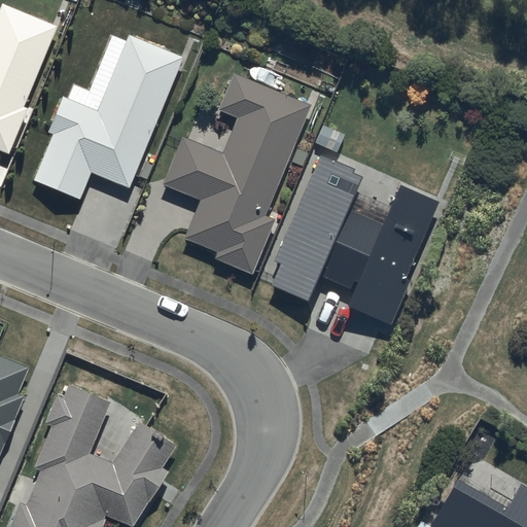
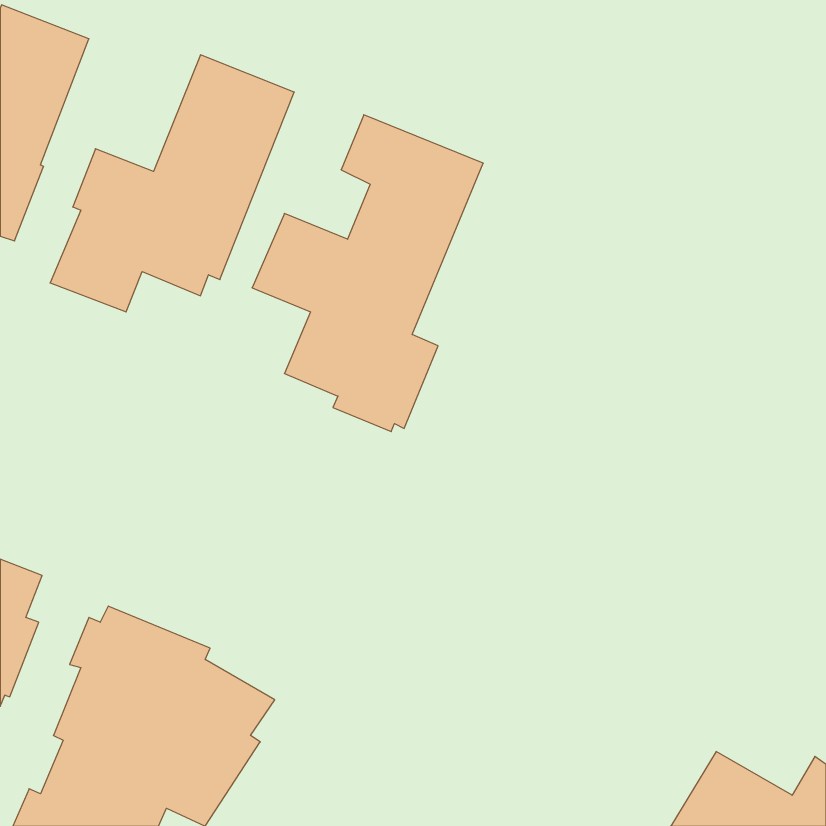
building: [268,153,437,325] -> none

